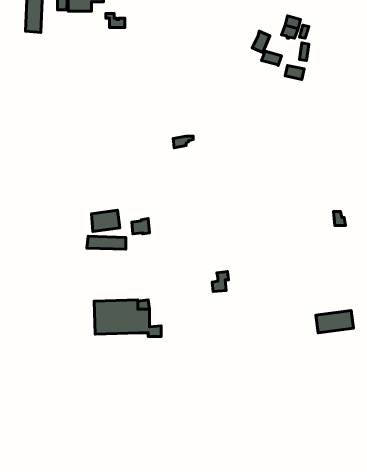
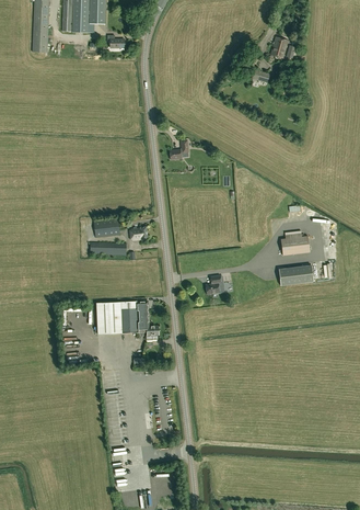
building: none -> [280,231,310,256]
building: [316,310,354,333] -> [279,265,314,286]

